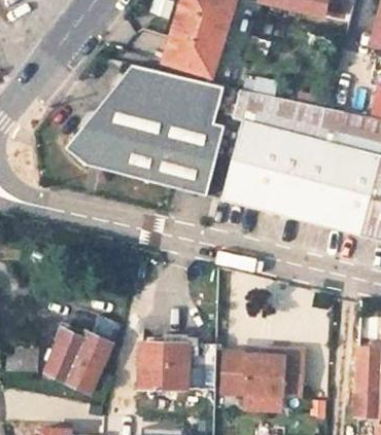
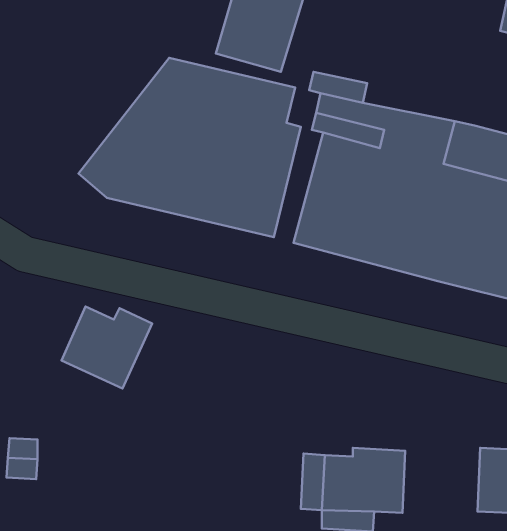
building: [45,331,111,391] -> [62,307,152,389]
building: [138,343,213,388] -> none

